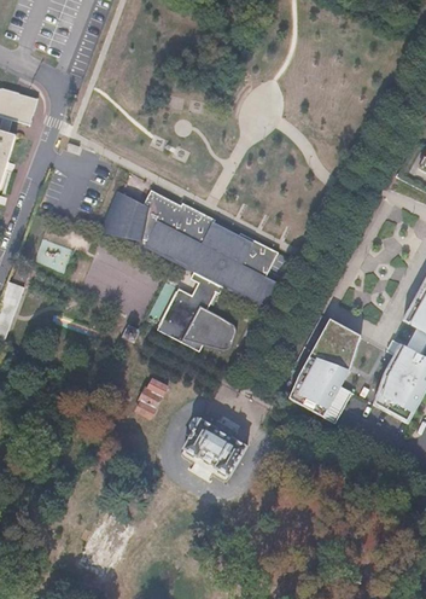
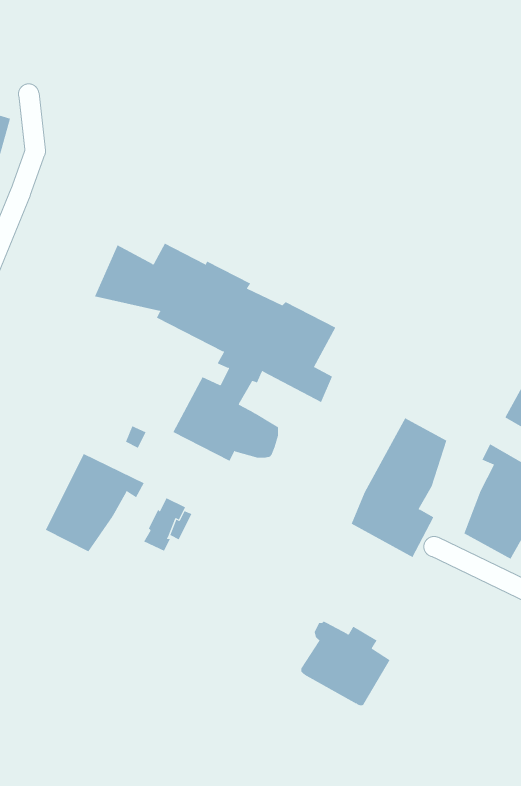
building: none -> [45,453,145,552]
building: [180,415,246,478] -> [301,621,391,706]

